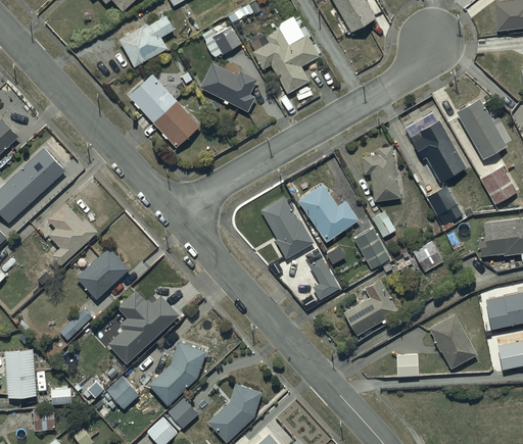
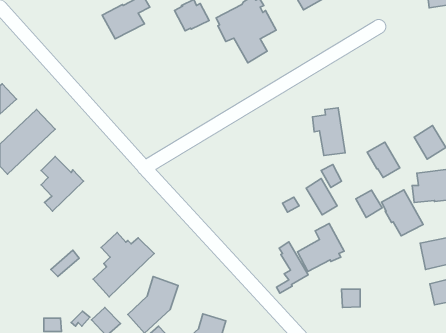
building: [199,61,257,112] -> none
building: [129,73,200,147] -> none
building: [455,97,507,159] -> none
building: [412,120,465,183] -> none
building: [297,184,359,242] -> none
building: [260,196,314,259] -> none
building: [76,247,129,299] -> none
building: [303,250,340,309] -> [276,242,308,293]
building: [428,314,476,367] -> [382,190,423,236]
building: [5,349,37,397] -> none

